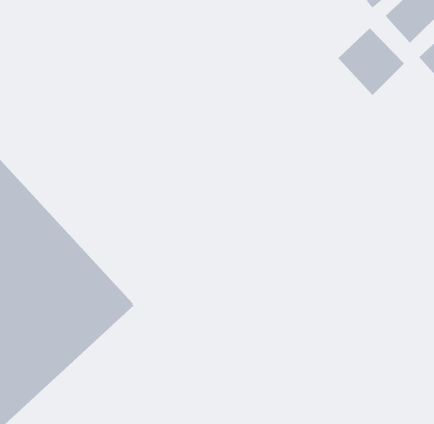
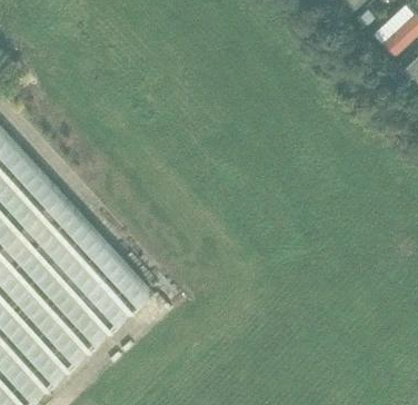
building: [338,28,405,96] -> none

